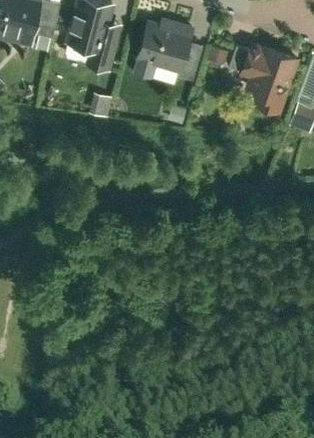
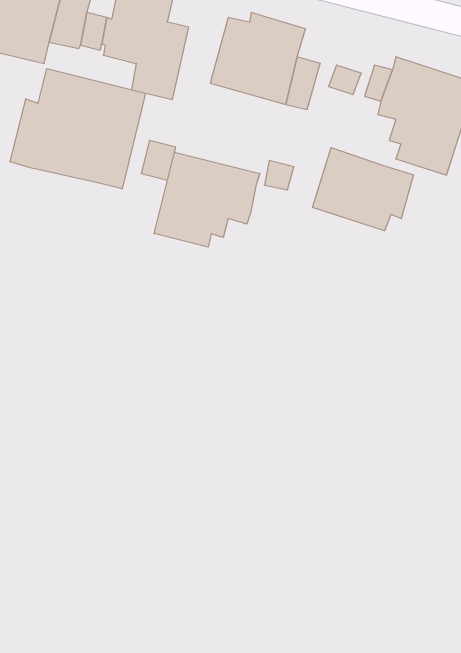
building: none -> [10,69,145,189]
building: none -> [312,147,414,231]
building: none -> [154,152,260,247]

